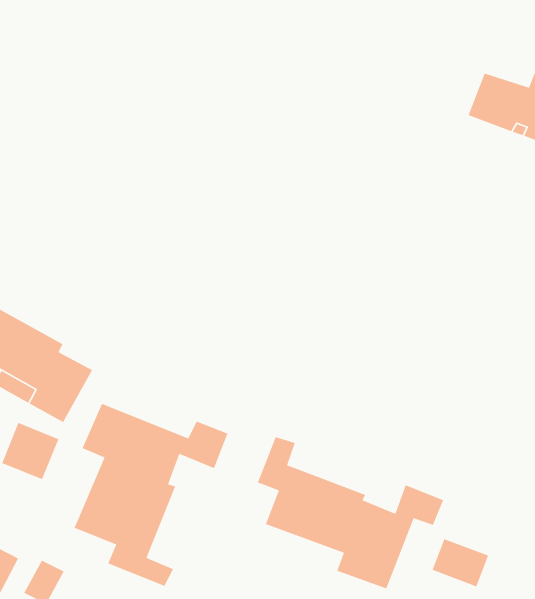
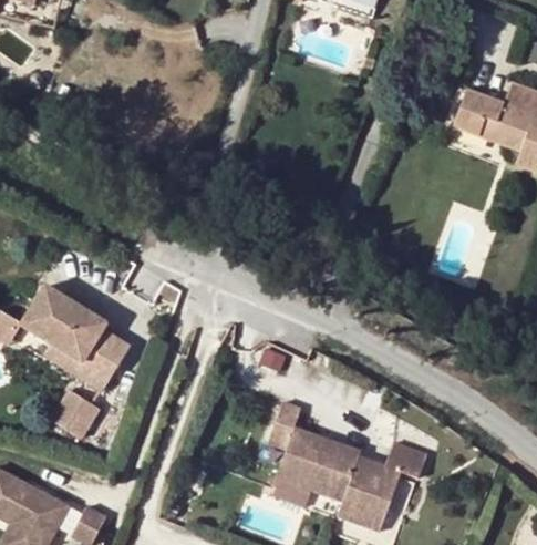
building: [74,403,228,587] -> none
building: [432,538,489,587] -> none

